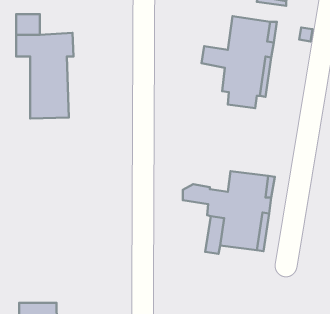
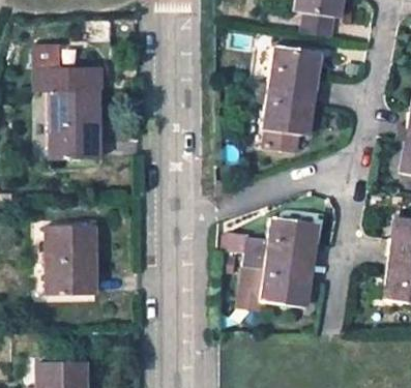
building: none -> [49,226,91,294]

